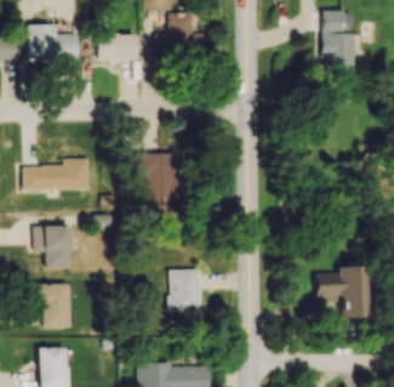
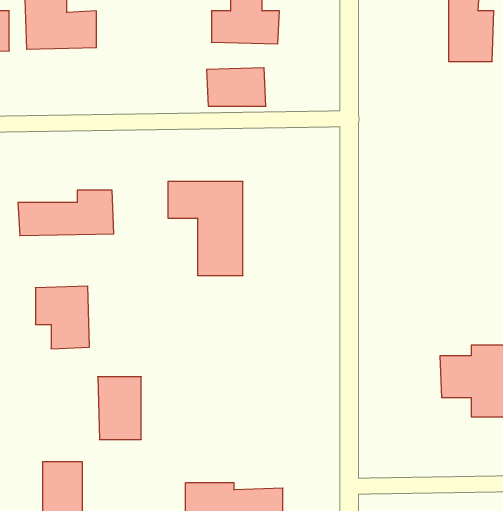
building: [97,34,138,61] -> [207,68,266,106]
building: [170,271,201,313] -> none
building: [40,284,70,328] -> [98,377,141,439]

